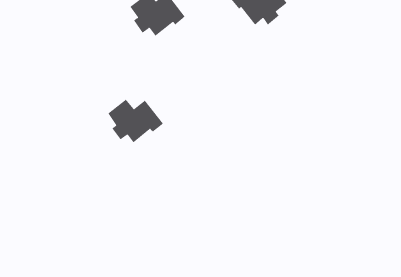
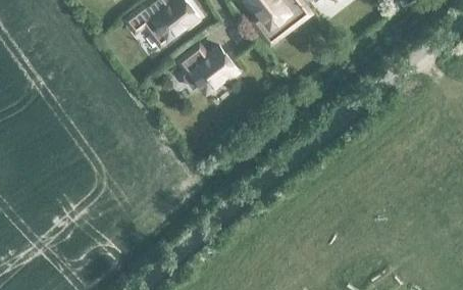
building: [107,99,164,143] -> [176,46,235,92]

